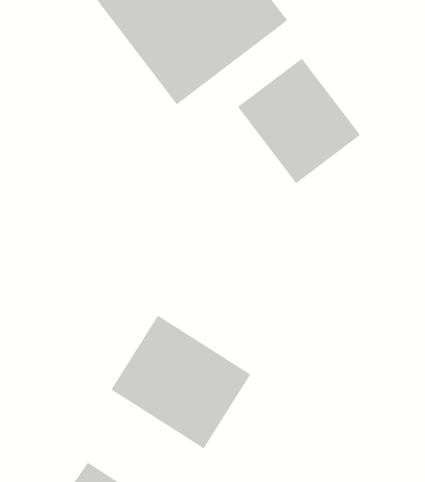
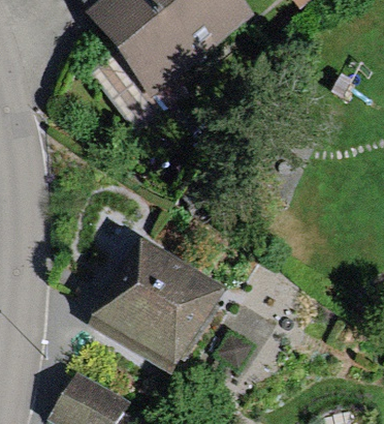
building: [237,58,361,184] -> none

